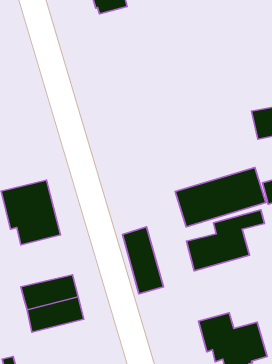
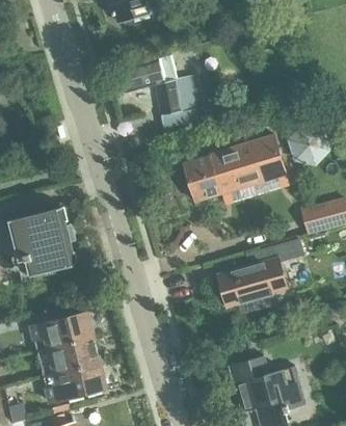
building: none -> [116,55,204,134]
building: [175,167,266,227] -> [183,135,285,202]
building: [122,227,163,294] -> none
building: none -> [42,363,106,402]

